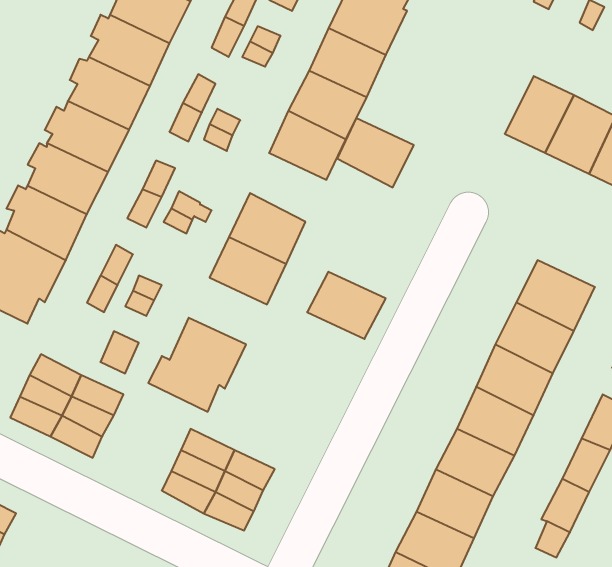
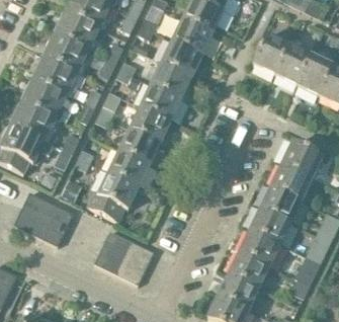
building: none -> [252,32,290,74]
building: [337,118,414,187] -> [141,84,181,120]
building: [307,272,386,339] -> [108,150,150,185]

